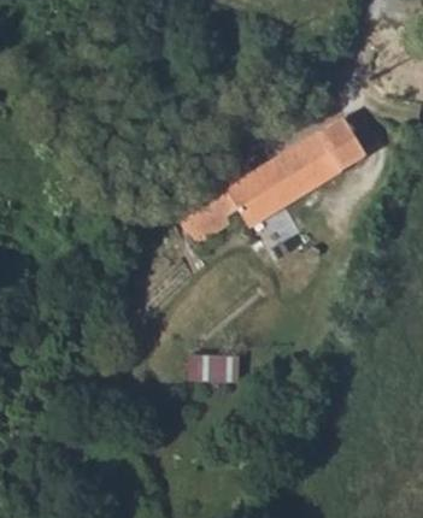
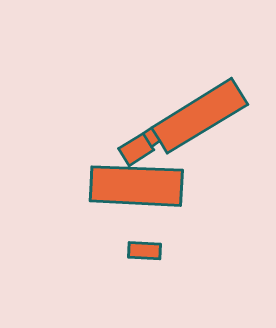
building: none -> [90,167,183,206]

